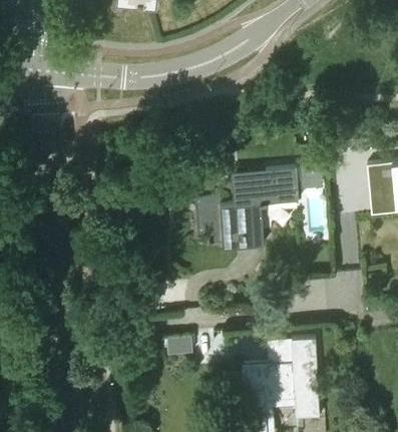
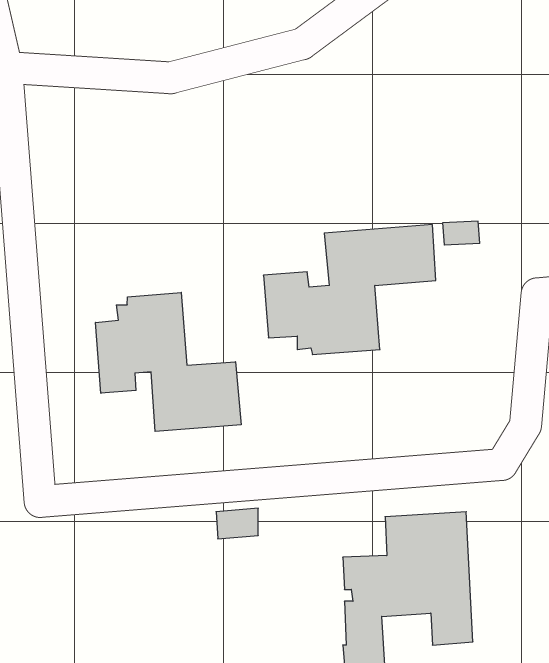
building: none -> [96,292,241,431]

